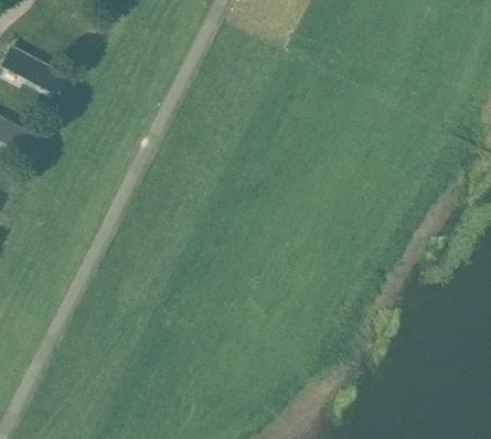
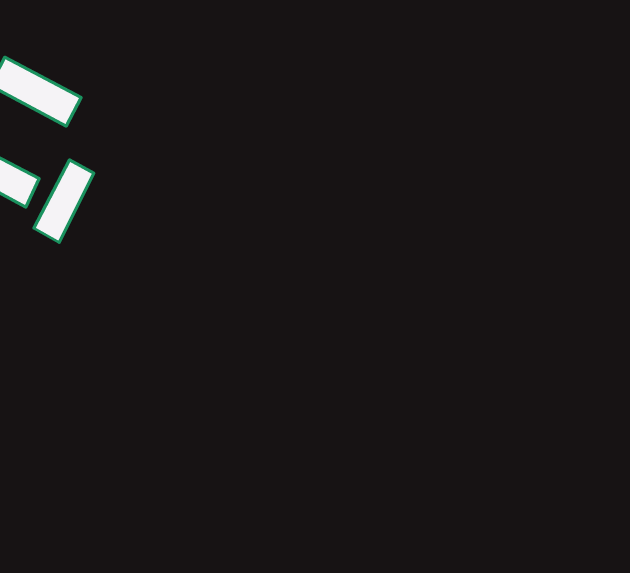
building: none -> [34,160,94,242]

